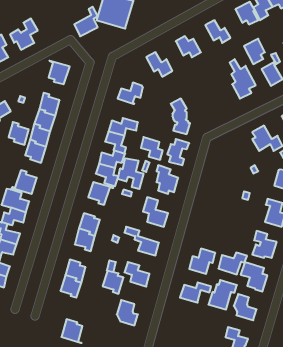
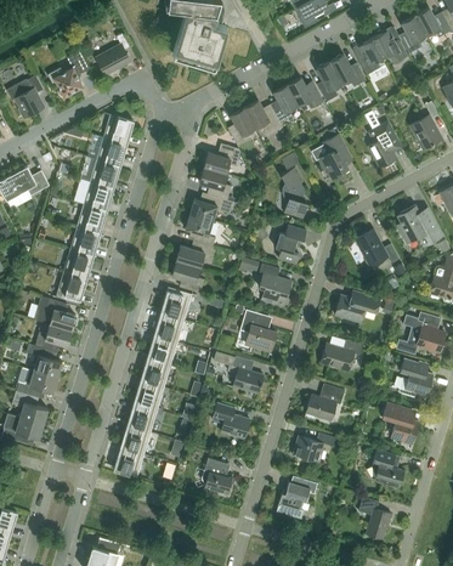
building: [74,7,98,36] -> [96,32,130,74]
building: none -> [316,61,341,101]
building: [244,39,265,64] -> [352,38,383,74]
building: none -> [272,84,298,123]
building: none -> [230,107,255,146]
building: none -> [310,134,349,179]
building: none -> [96,136,125,169]
building: [9,122,29,145] -> [63,248,92,281]
building: [141,137,163,160] -> [199,166,231,199]
building: none -> [355,228,398,266]
building: [118,158,143,189] -> none
building: none -> [334,293,380,322]
building: none -> [154,309,183,341]
building: [218,253,247,274] -> [321,339,362,370]
building: [103,271,124,294] -> [134,377,164,409]
building: [208,280,237,310] -> [276,475,317,517]
building: [61,319,82,343] -> [113,443,143,477]

